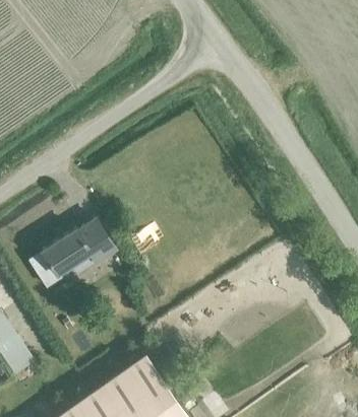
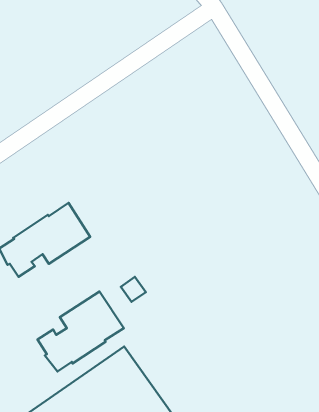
building: none -> [37,291,124,372]

